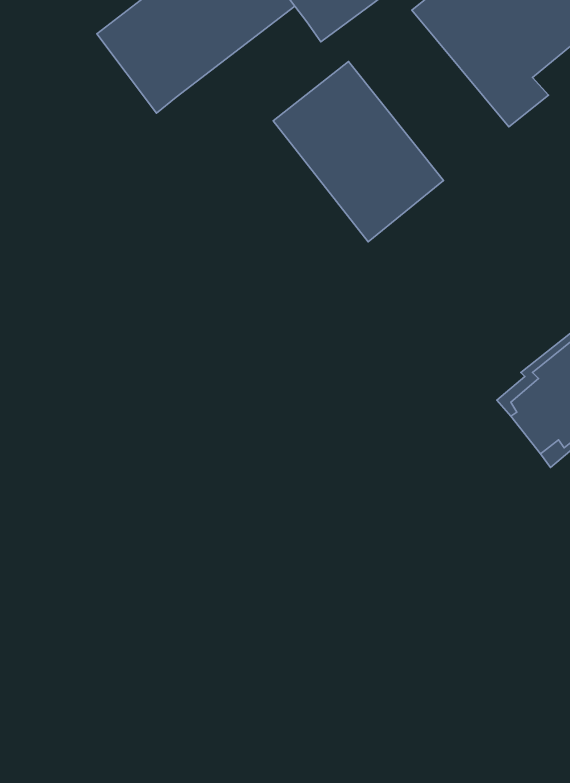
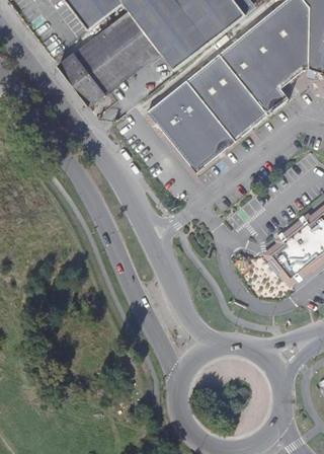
building: none -> [187,53,269,140]

